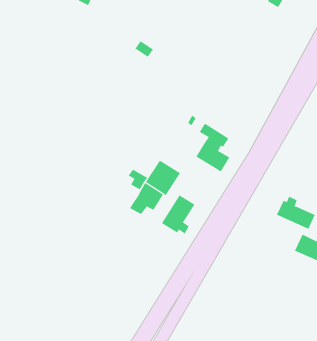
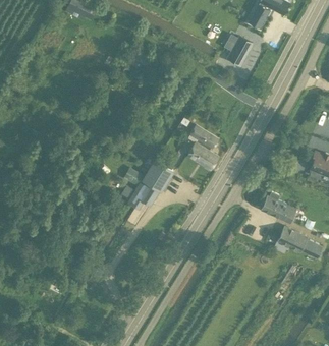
building: none -> [227,35,254,65]
building: [161,194,195,234] -> none

